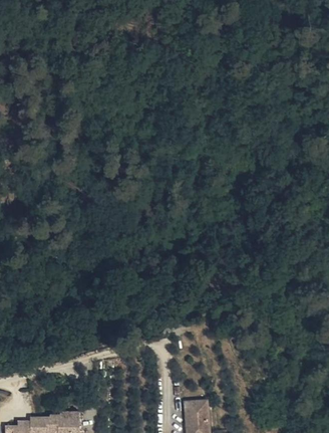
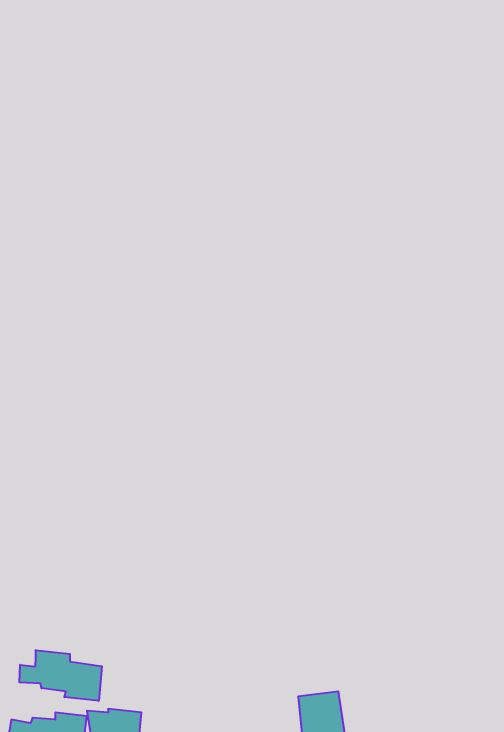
building: none -> [19,650,102,701]

